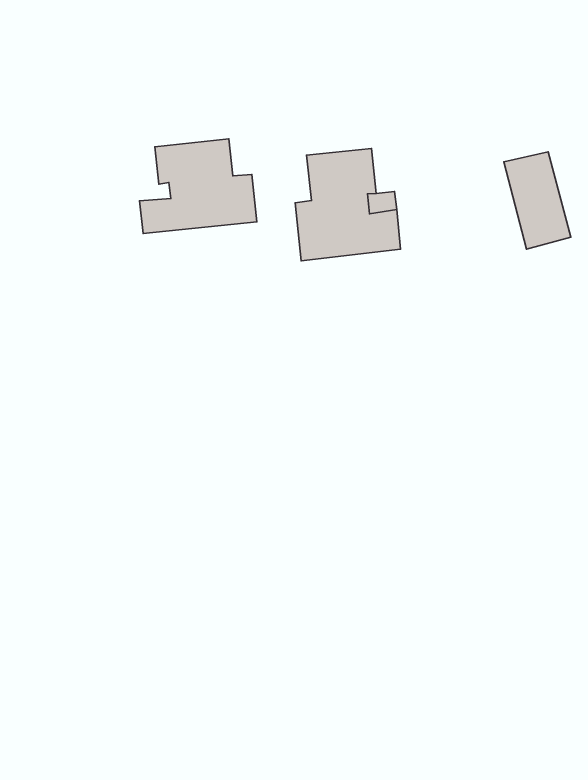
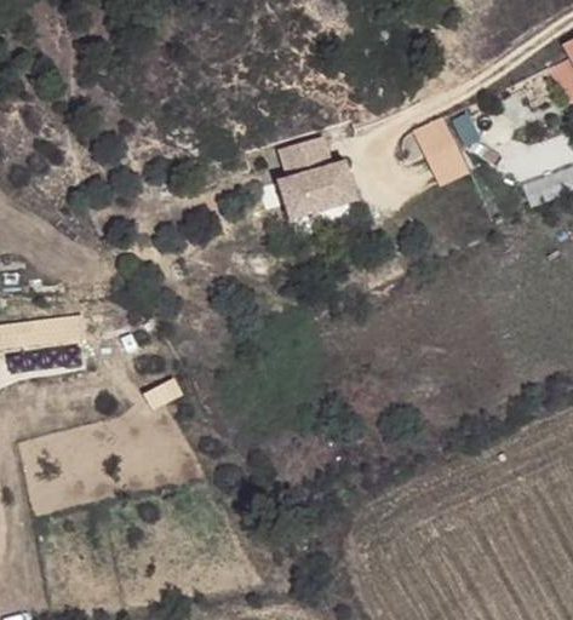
building: [139,139,257,233] -> none

